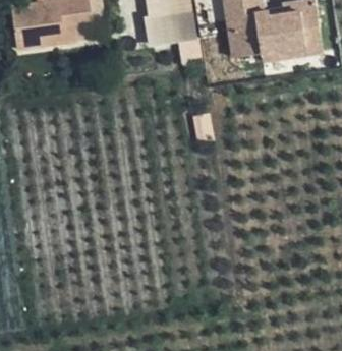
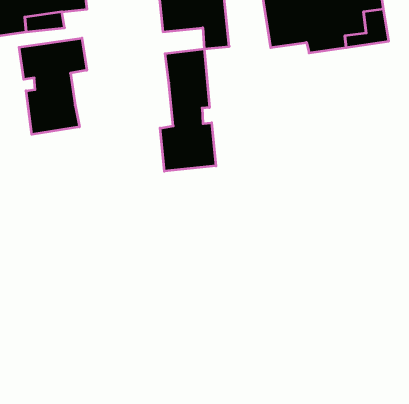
building: none -> [19,38,87,134]
building: none -> [160,49,216,171]

